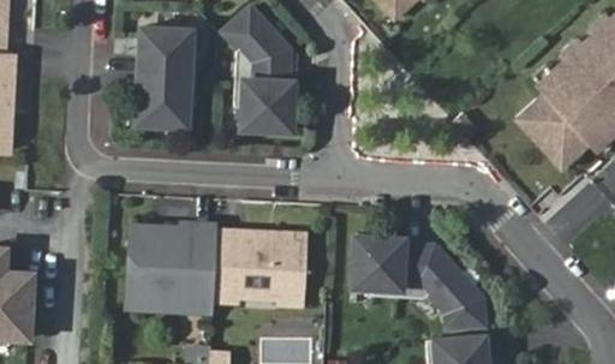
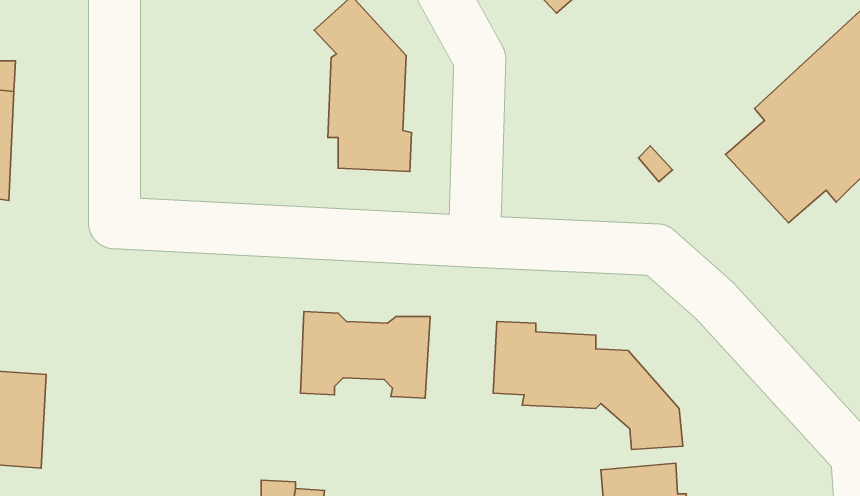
building: [136,26,198,126] -> none
building: [127,223,217,309] -> none

